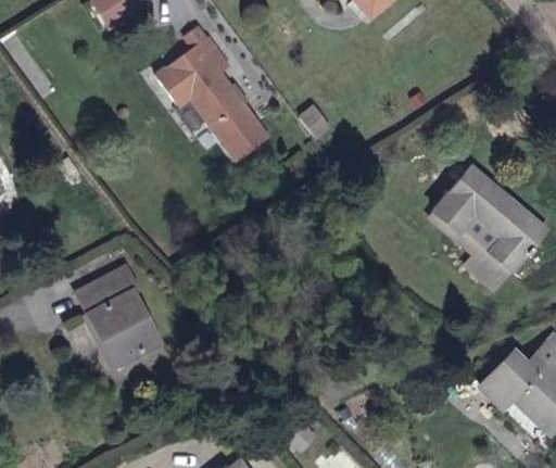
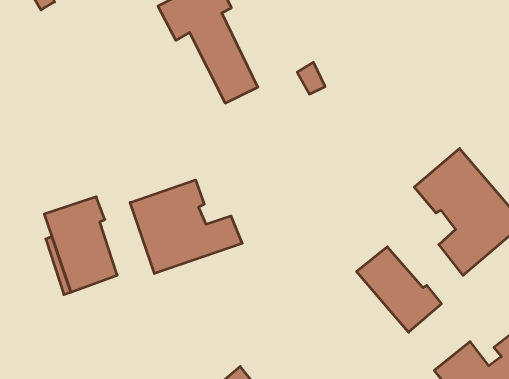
building: none -> [130,180,242,274]
building: none -> [357,247,441,332]

